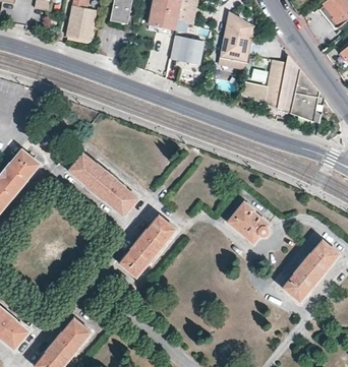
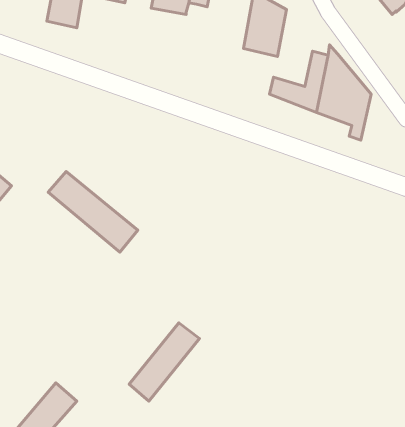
building: [170,37,204,67] -> none
building: [227,202,269,243] -> none
building: [120,215,175,276] -> [129,323,200,401]
building: [282,246,334,301] -> none

